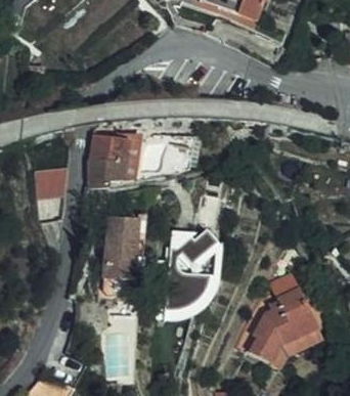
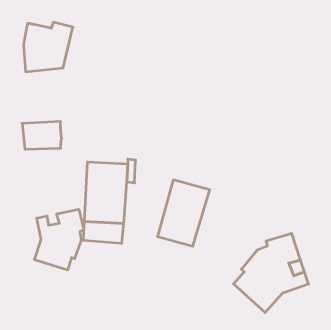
building: [88,131,139,182] -> [24,22,73,72]
building: none -> [35,209,84,270]

